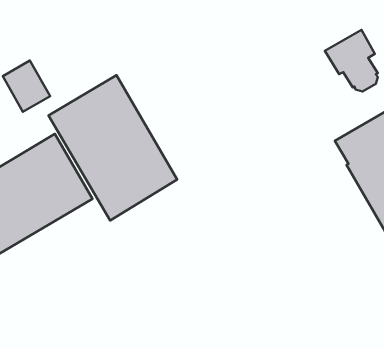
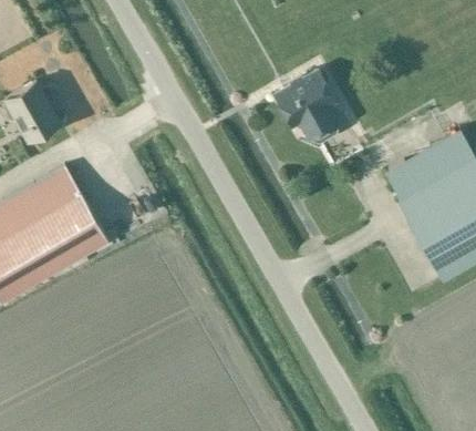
building: [325,30,378,91] -> [277,73,338,144]
building: [48,75,177,220] -> none

